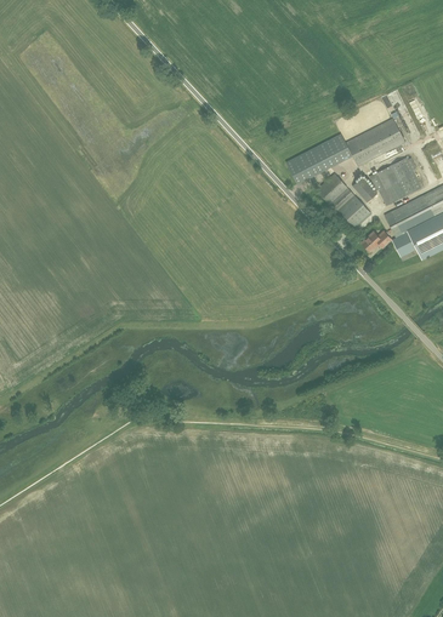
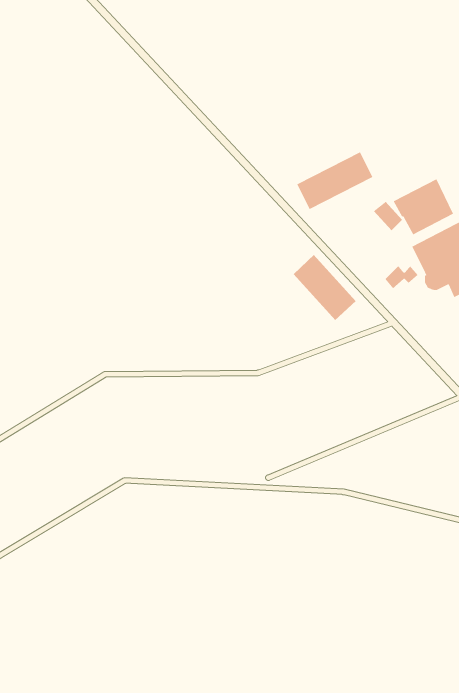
building: [348,119,405,165] -> none
building: [318,172,373,229] -> [293,254,356,321]

